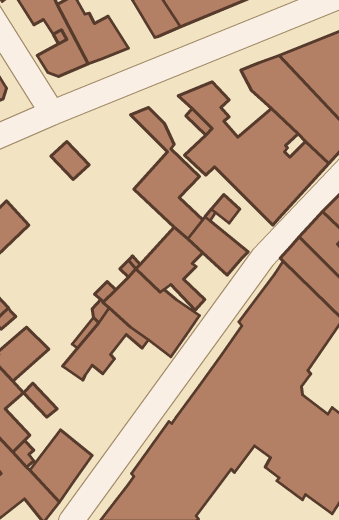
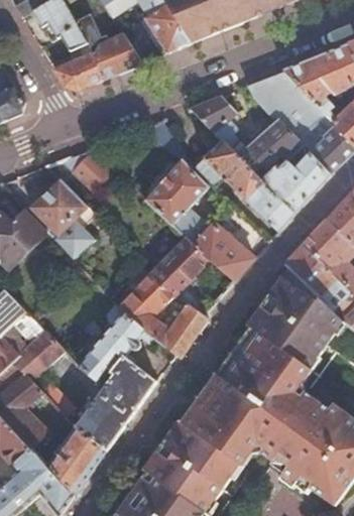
building: none -> [30,178,95,261]
building: none -> [76,359,155,450]

